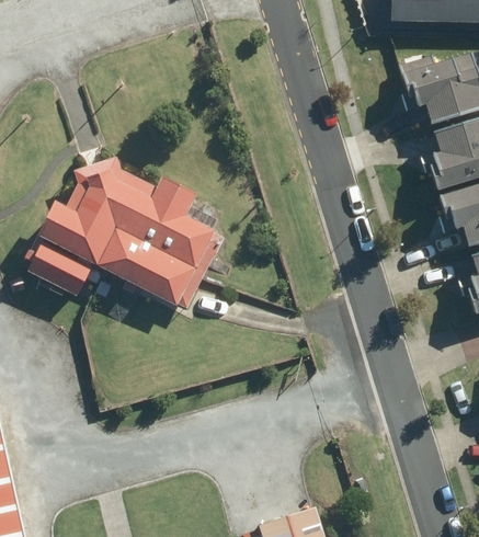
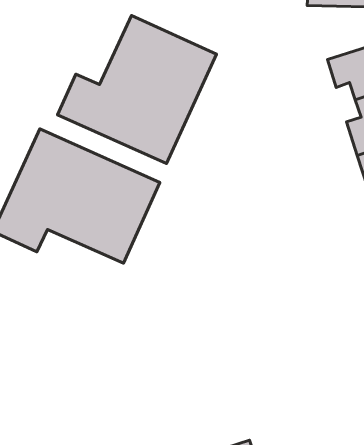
building: none -> [58,16,217,163]

